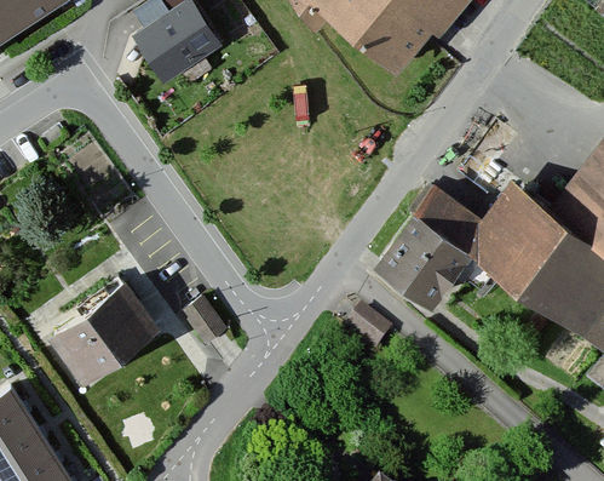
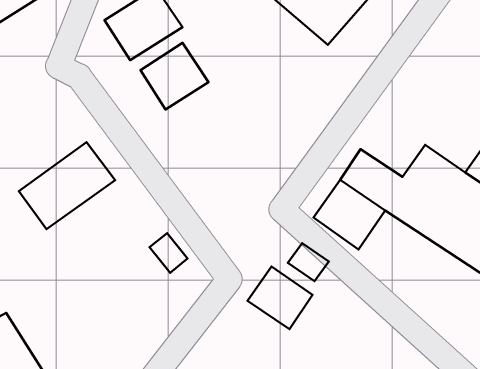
building: none -> [141,43,209,109]
building: [54,280,168,383] -> [19,142,115,229]
building: none -> [248,266,313,329]

